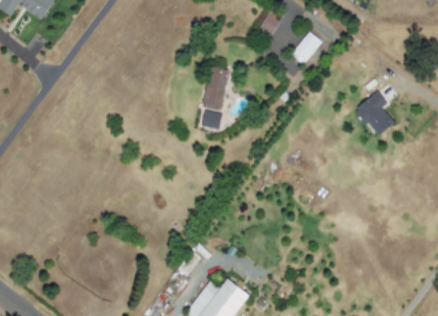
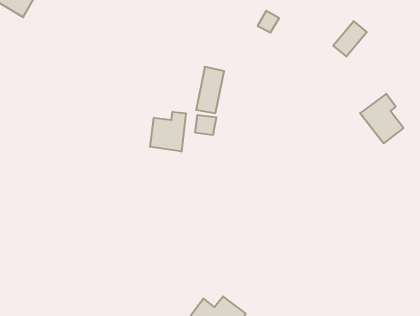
building: [291,32,322,65] -> [333,21,367,57]
building: none -> [150,112,186,152]

